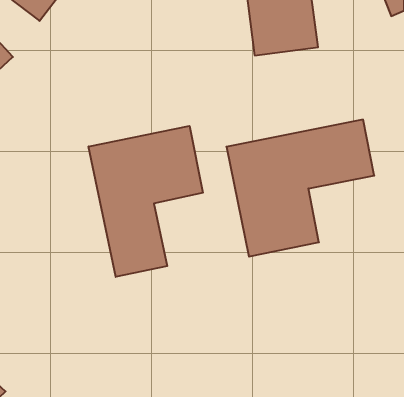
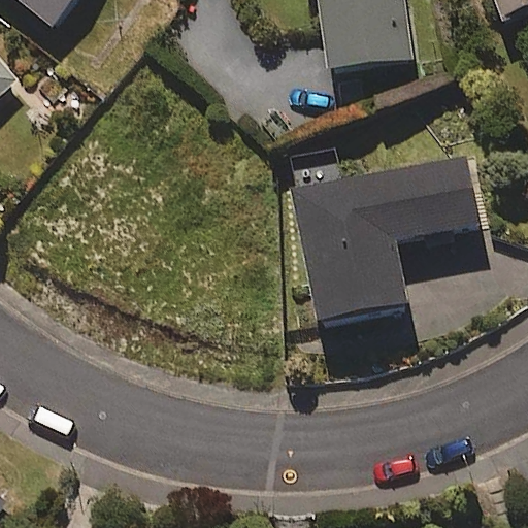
building: [89,126,203,277] -> none

